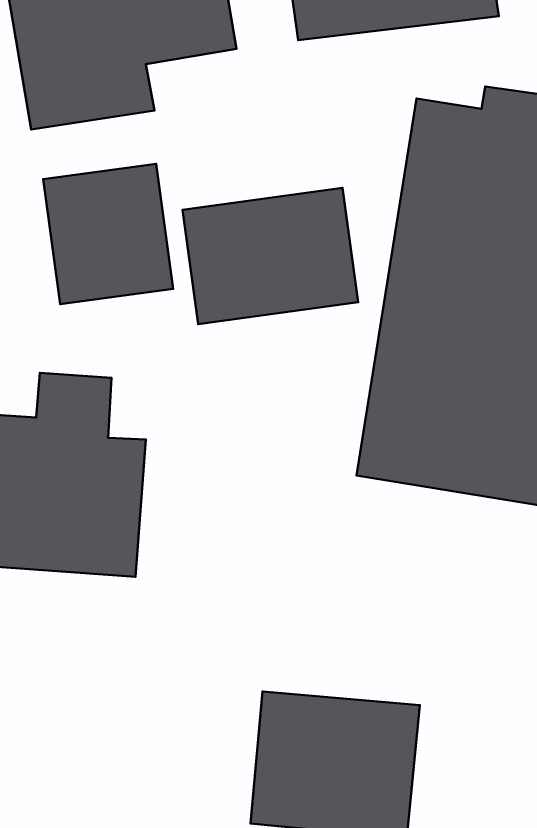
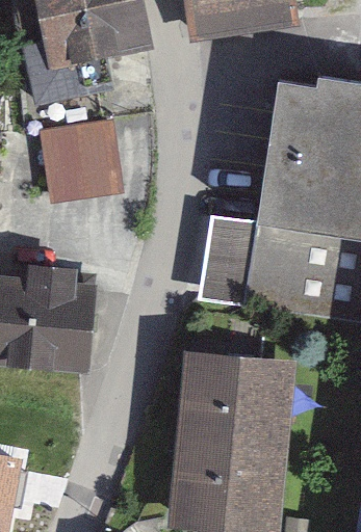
building: [182,188,358,324] -> none
building: none -> [176,361,278,447]

